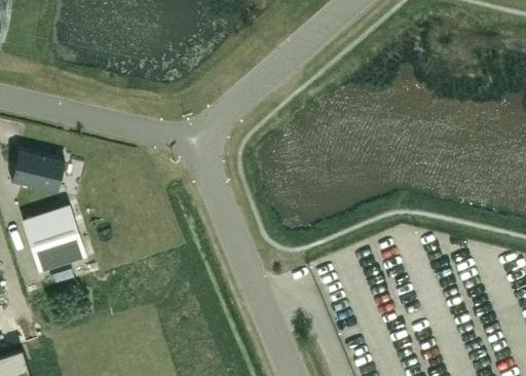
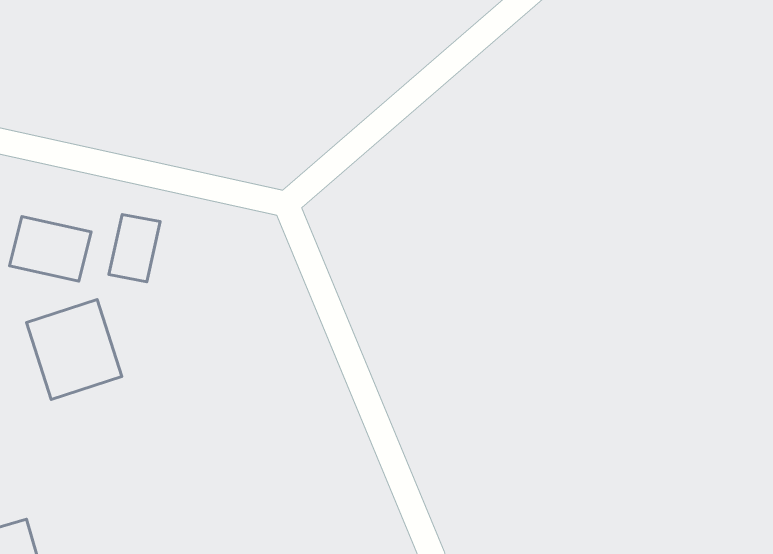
building: none -> [109,214,160,282]

